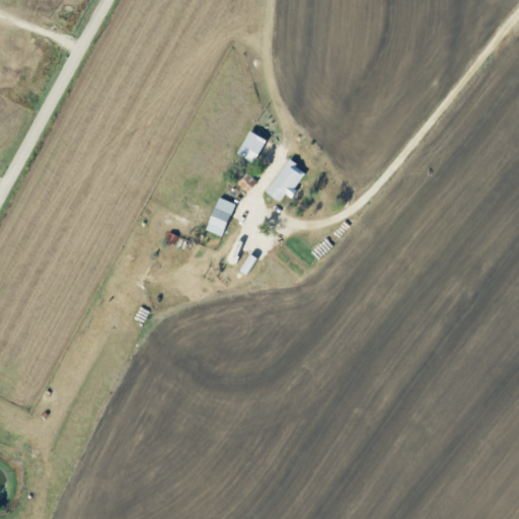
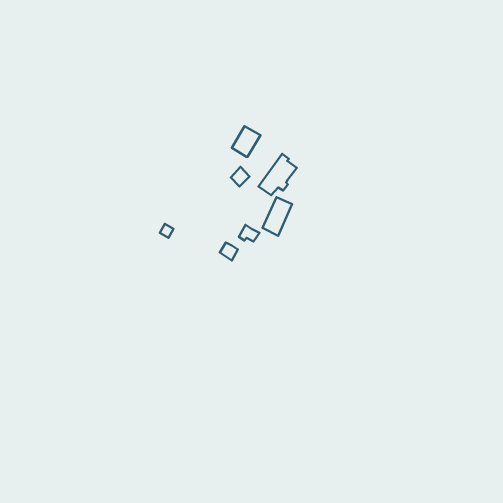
building: [205,197,235,236] -> [263,197,292,236]

